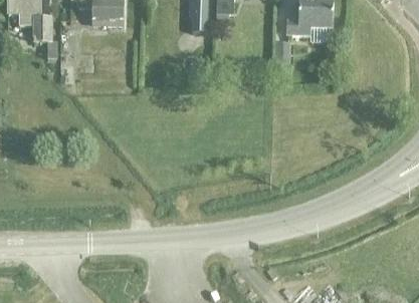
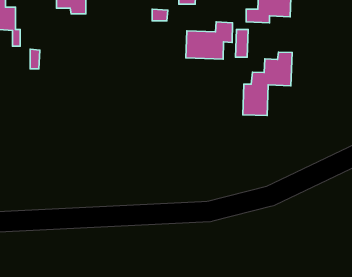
building: none -> [186,22,233,59]
building: none -> [243,52,292,116]

